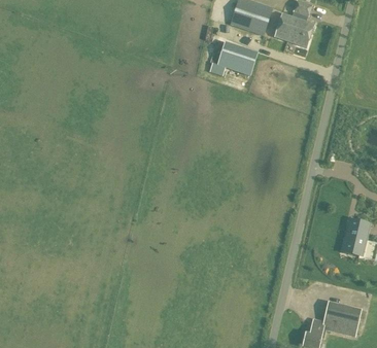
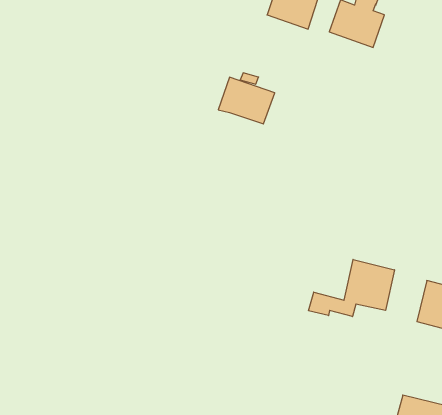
building: [216,40,258,74] -> [218,77,275,124]
building: none -> [309,259,394,317]

